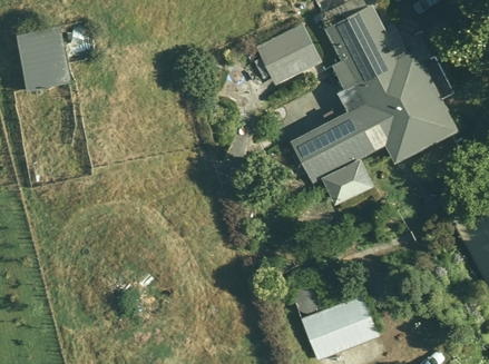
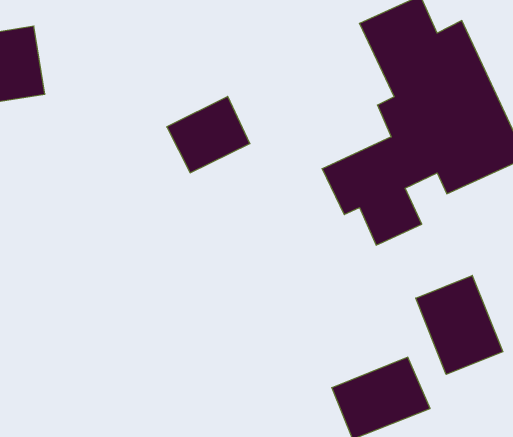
building: [255,23,322,85] -> [167,96,250,173]
building: none -> [416,275,503,374]

